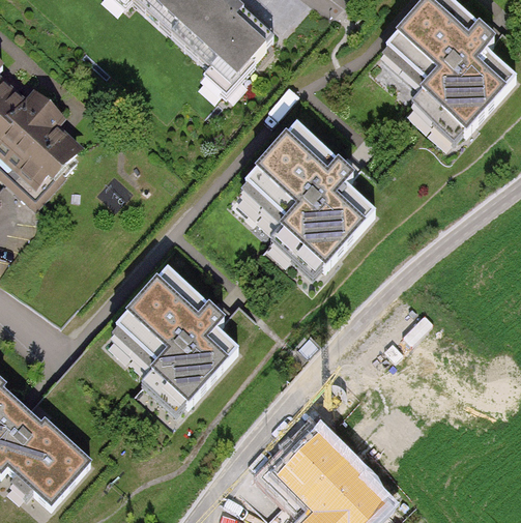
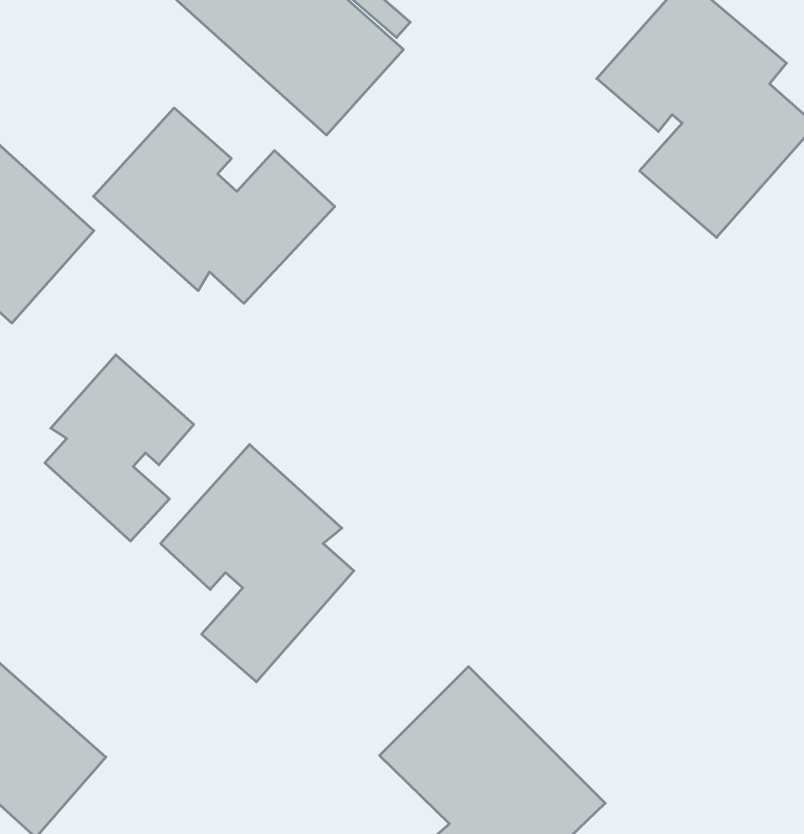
building: none -> [93,108,335,303]
building: [235,122,372,278] -> none
building: none -> [45,355,194,541]

